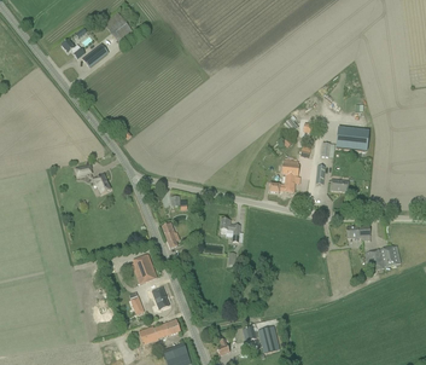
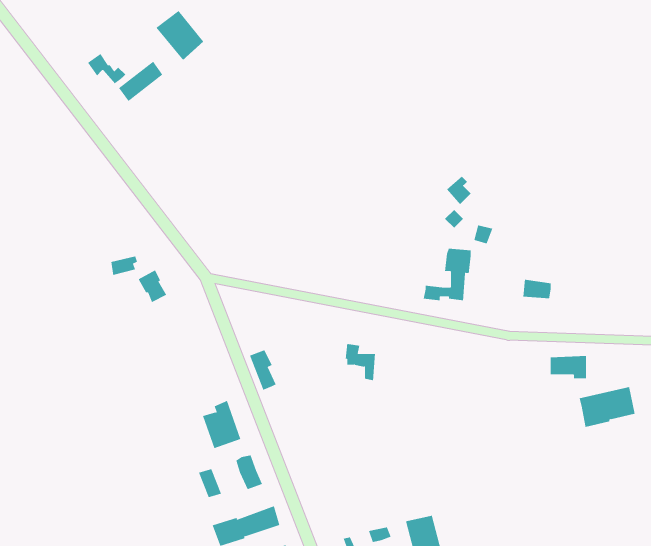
building: [335,126,367,150] -> none

